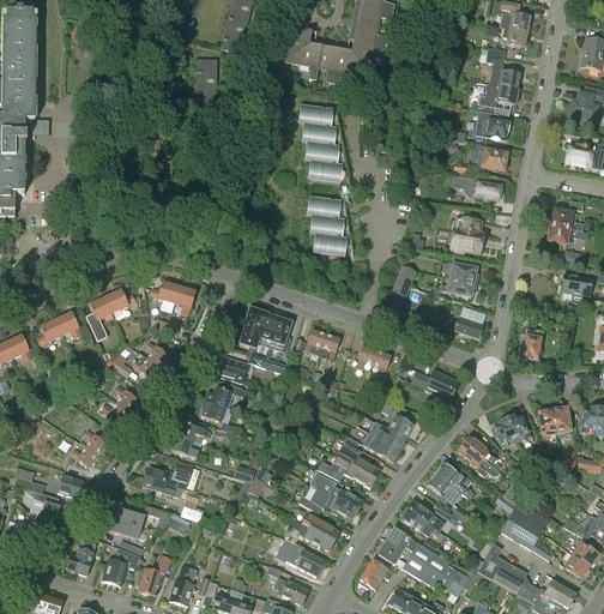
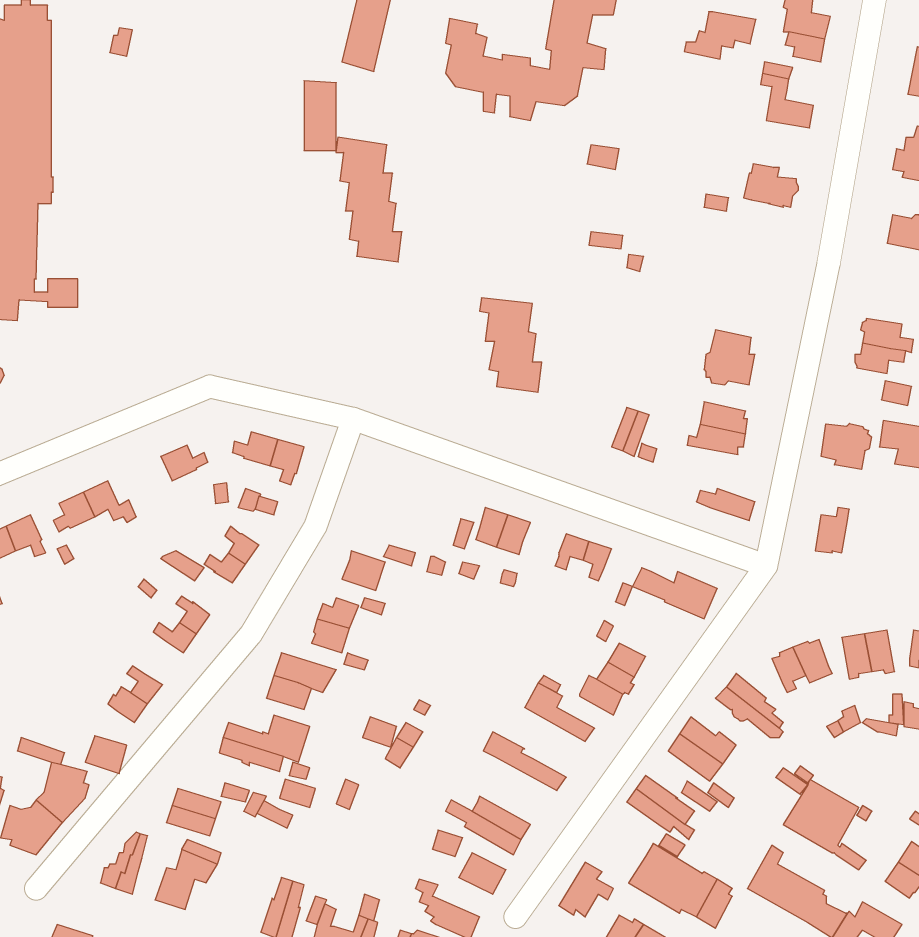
building: [472,84,518,114] -> [684,12,756,59]
building: [301,104,343,183] -> [336,137,402,262]
building: [476,144,507,171] -> none
building: [453,175,506,201] -> none
building: none -> [821,423,872,469]
building: [86,297,113,341] -> none
building: [241,308,291,353] -> none
building: [319,457,375,488] -> none
building: [298,488,357,519] -> none
building: [378,528,418,564] -> none
building: [138,555,171,596] -> none

